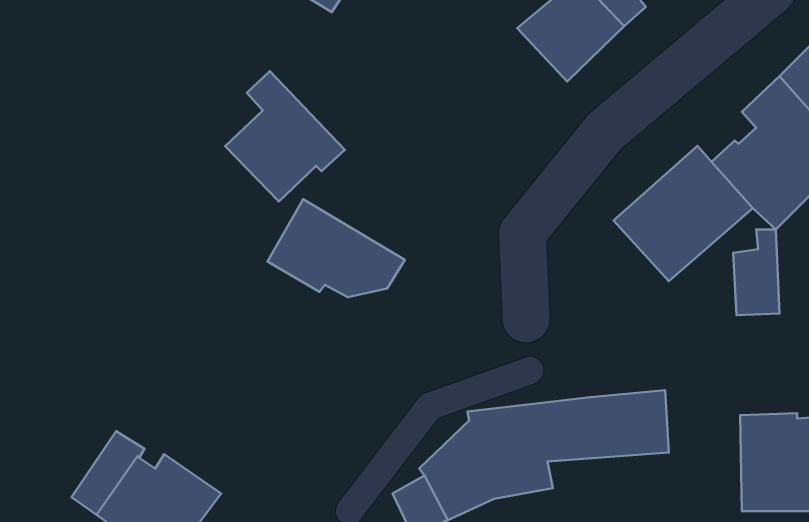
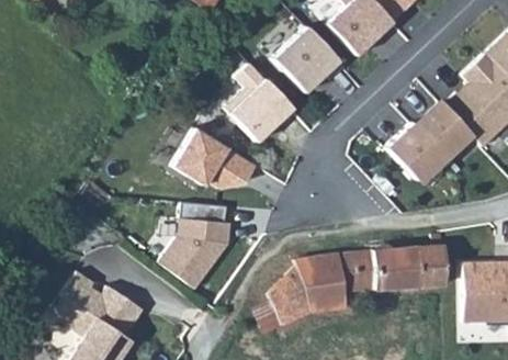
building: none -> [273,26,345,92]
building: [225,71,345,201] -> [223,64,296,144]
building: [733,230,779,315] -> [417,232,445,284]
building: none -> [159,218,232,290]

